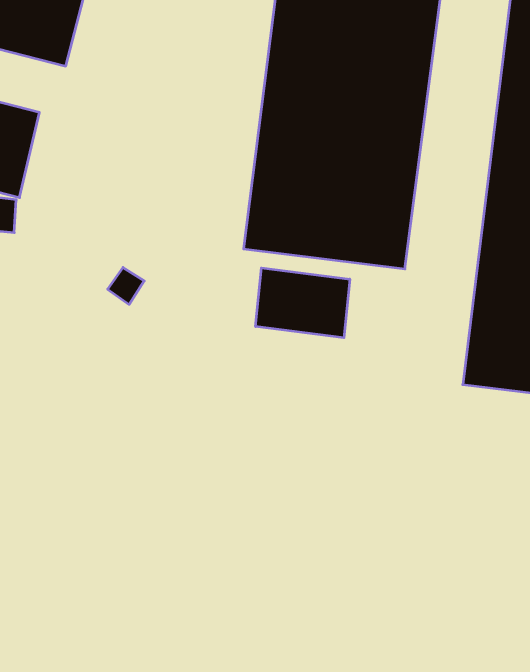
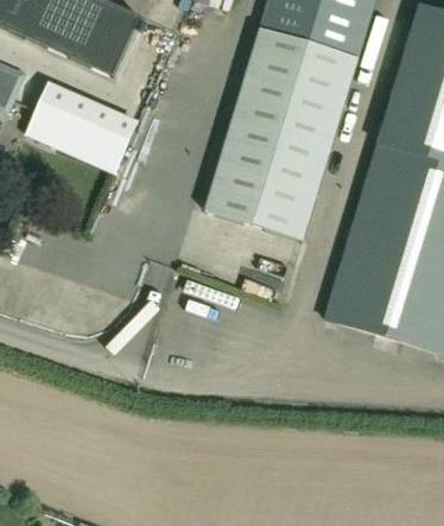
building: none -> [69,102,135,171]
building: [256,268,350,338] -> none

